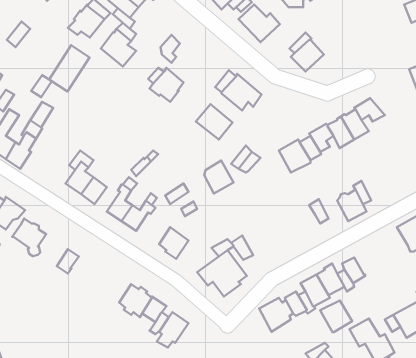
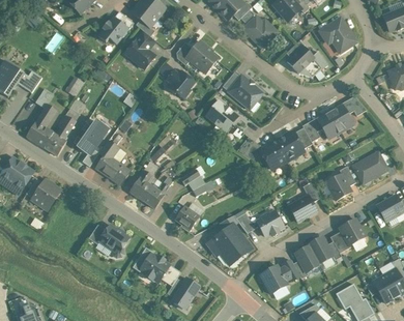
building: none -> [320,17,356,52]
building: none -> [186,40,218,72]
building: [49,45,89,92] -> [74,118,108,157]
building: [204,161,233,193] -> [262,140,287,168]
building: none -> [353,151,387,182]
building: none -> [289,195,317,222]
building: [12,218,46,256] -> [99,225,128,257]
building: none -> [257,210,283,236]
building: [320,300,352,332] -> [339,218,366,245]

